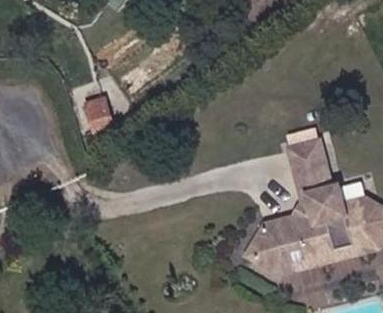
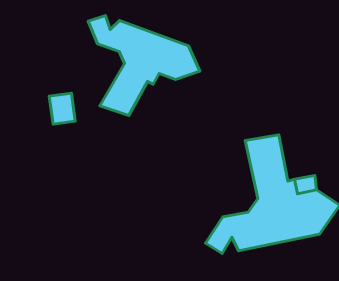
building: none -> [88,16,200,116]

